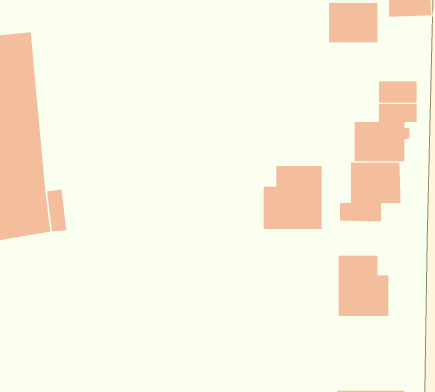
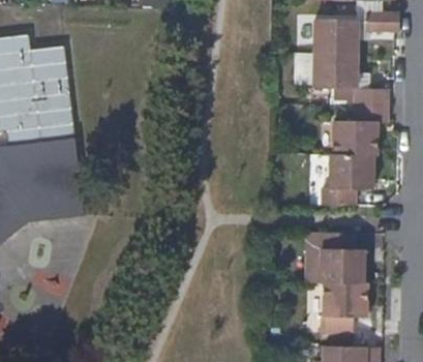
building: none -> [313,55,356,87]
building: [263,165,322,230] -> none
building: none -> [324,285,372,333]

